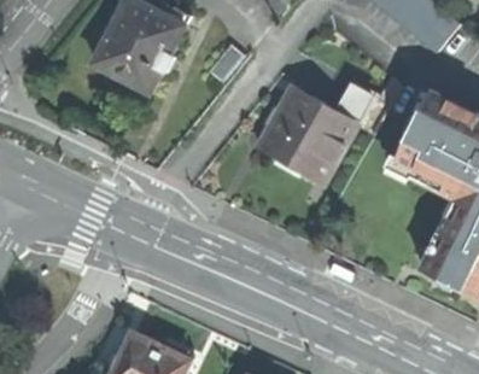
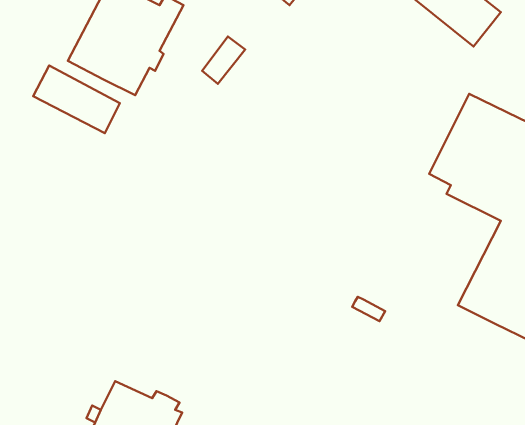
building: none -> [33,65,120,133]
building: [255,75,399,182] -> none

